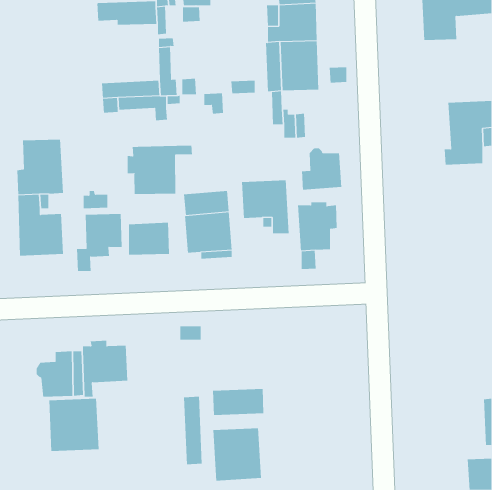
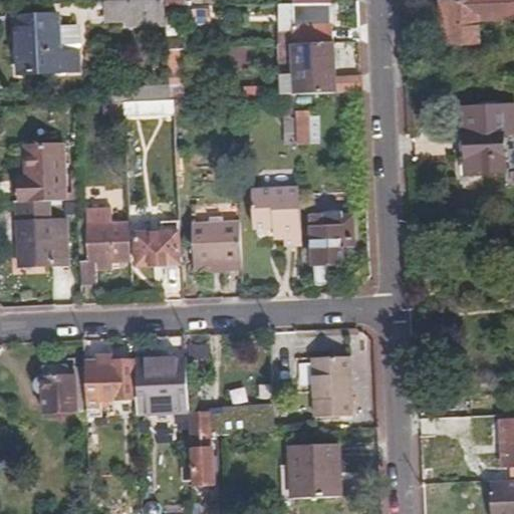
building: none -> [14,16,78,75]
building: [127,145,192,195] -> none
building: [302,147,342,191] -> none
building: none -> [311,355,349,415]
building: [48,398,100,451] -> [135,356,188,412]
building: [213,428,262,481] -> [288,442,339,497]

